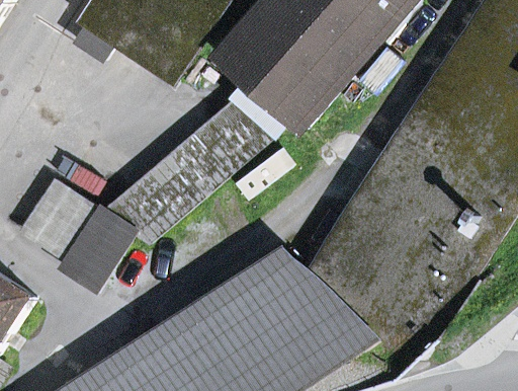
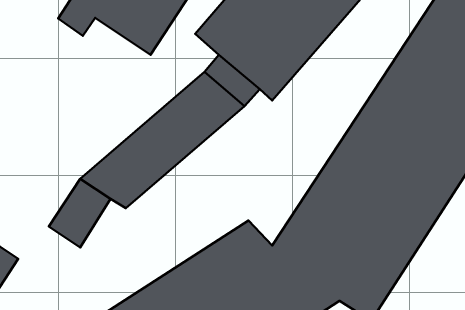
building: [18,181,98,262] -> none

